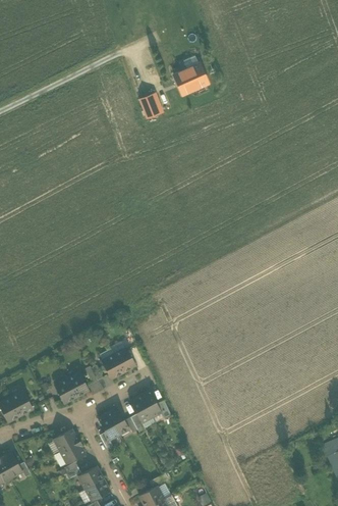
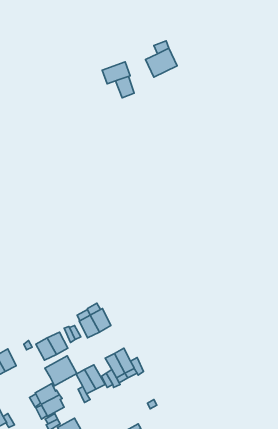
building: none -> [102,62,130,84]
building: none -> [45,356,77,386]

